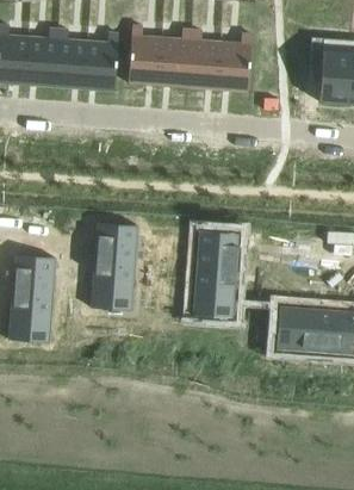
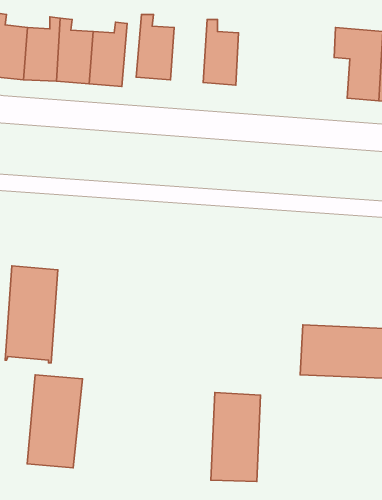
building: [157,27,191,86] -> none
building: [217,32,251,91] -> none
building: [89,223,139,308] -> [27,375,82,468]
building: [192,231,237,312] -> [211,392,261,482]

